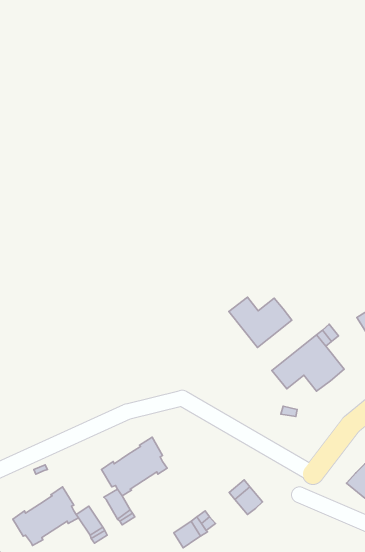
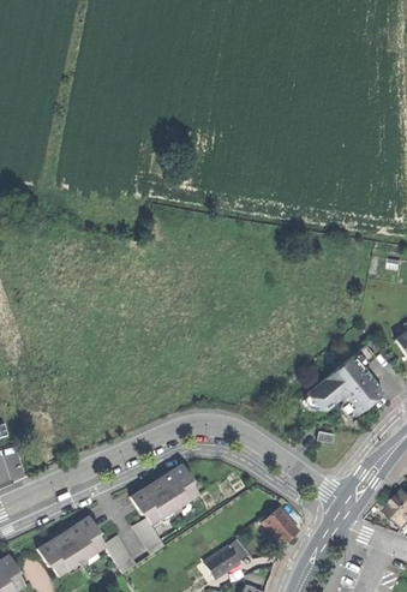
building: [229,297,292,347] -> none

